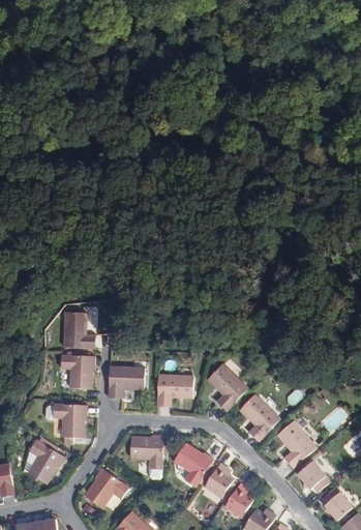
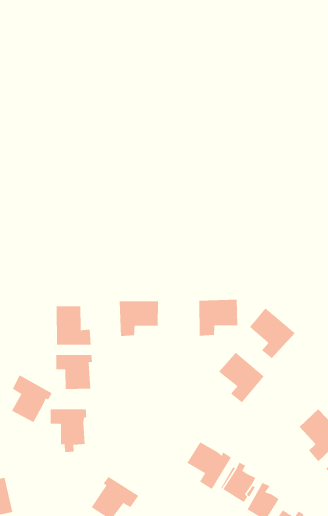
building: [108,365,145,398] -> [119,301,159,336]
building: [156,374,193,406] -> [199,299,238,336]
building: [239,393,280,440] -> [249,308,295,359]
building: [129,434,167,478] -> none
building: [26,439,64,483] -> [11,375,52,423]

